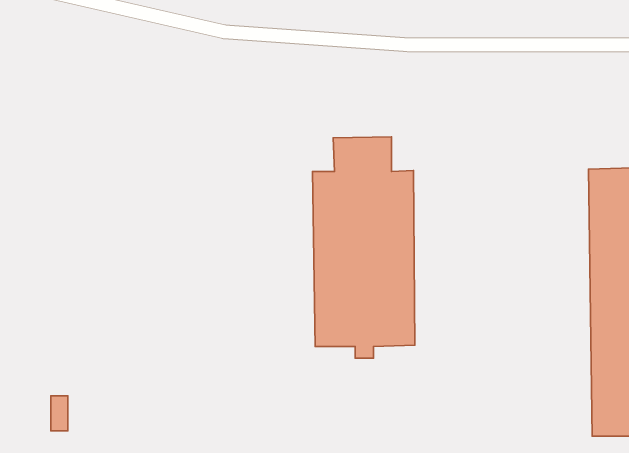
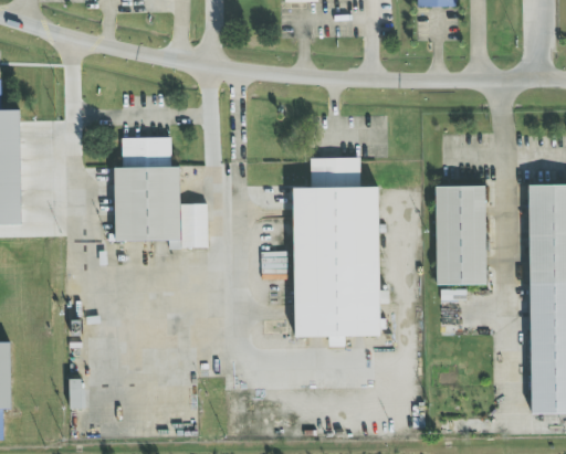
building: none -> [114,137,208,247]
building: none -> [436,184,486,284]

